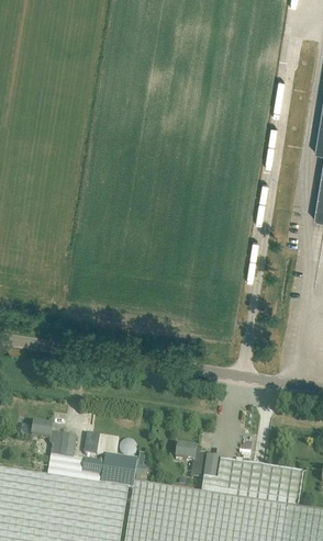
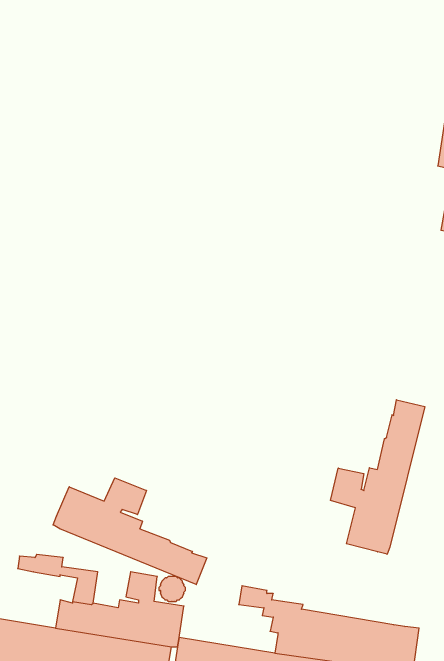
building: none -> [331,400,425,554]
building: none -> [53,478,207,585]

